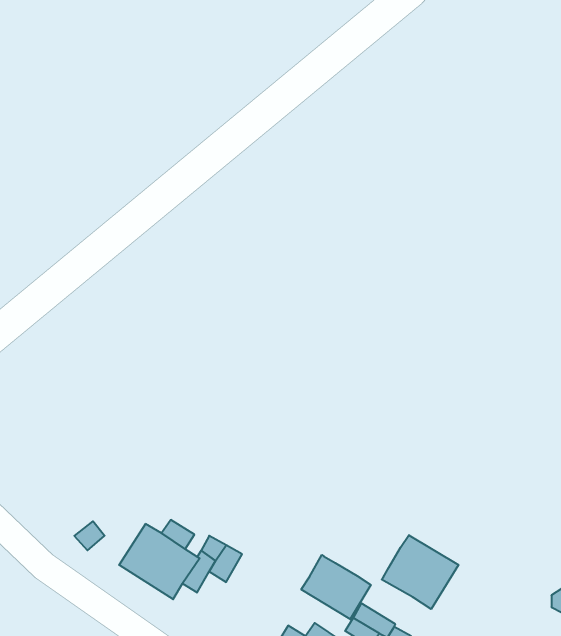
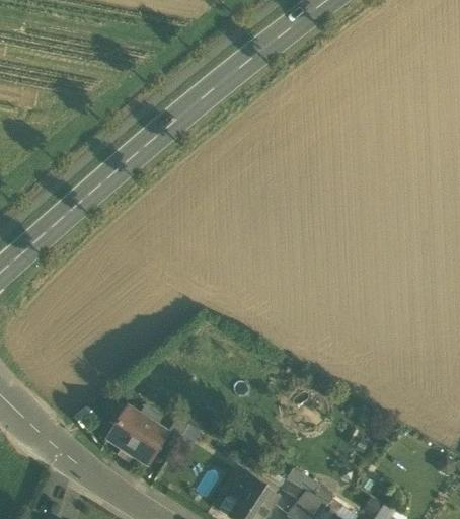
building: [382,535,458,609] -> none
building: [301,555,371,619] -> none

